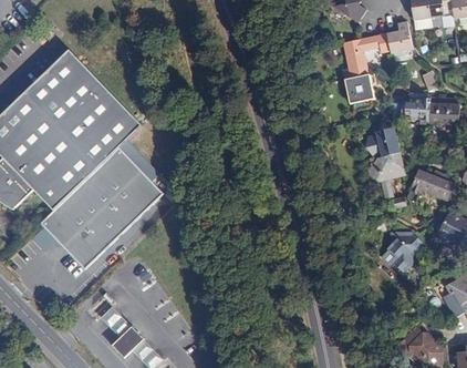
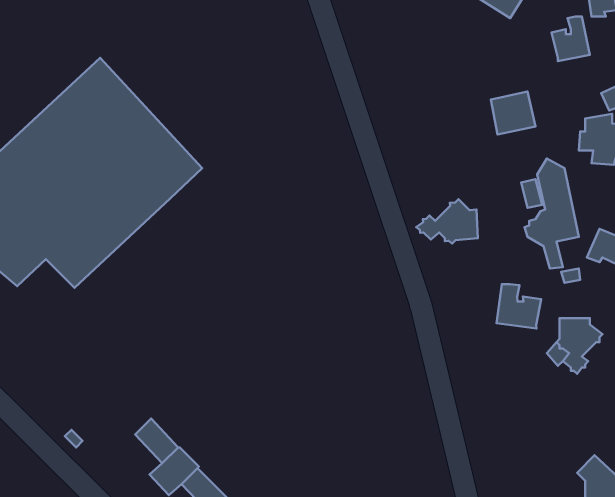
building: [342,32,390,78] -> none
building: [41,147,164,269] -> none
building: none -> [416,199,478,244]
building: none -> [497,284,541,328]

